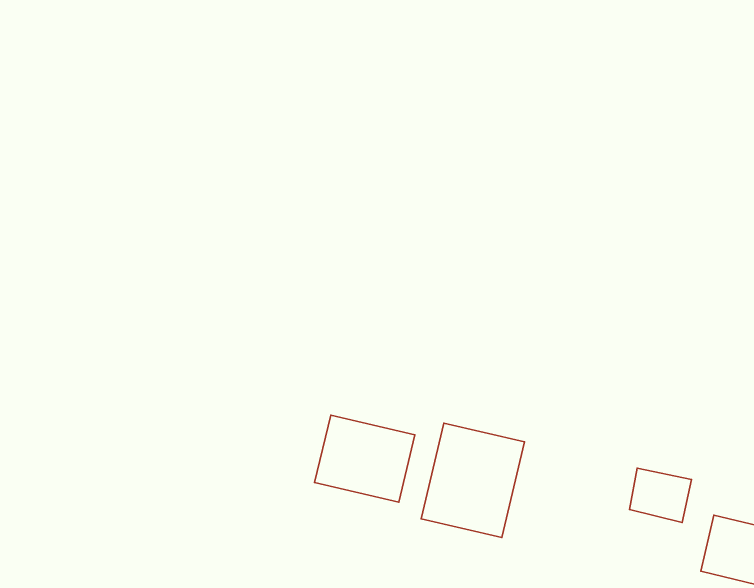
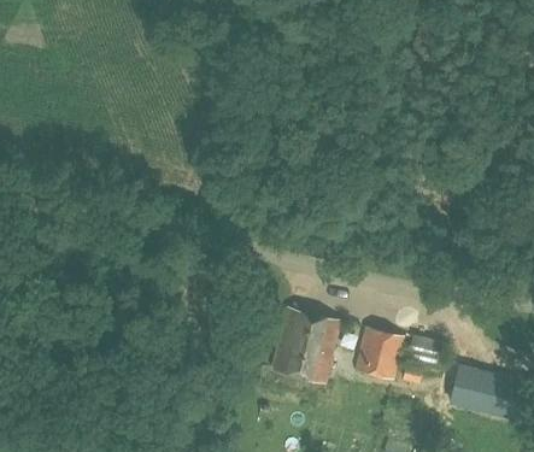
building: [315,415,415,502] -> none
building: none -> [354,328,401,380]

